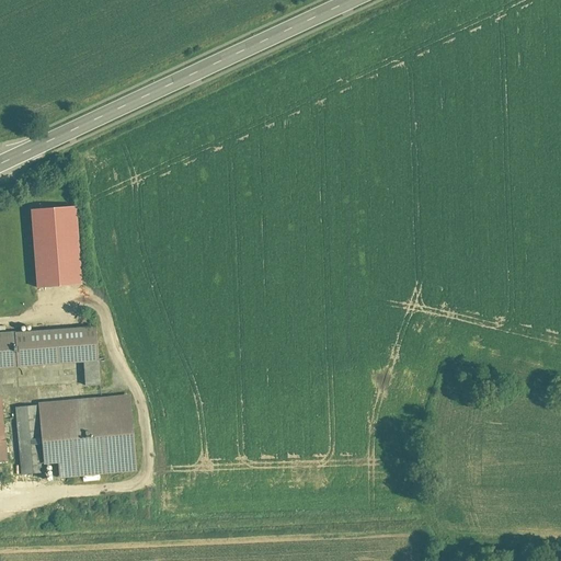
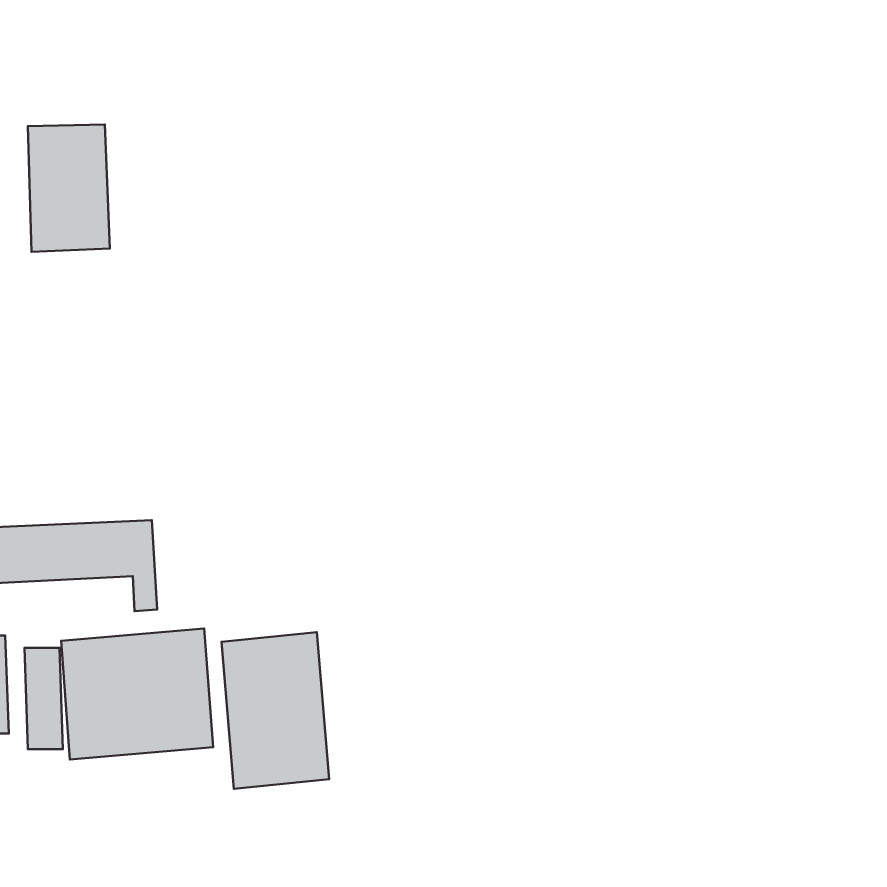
building: [31,207,82,287] -> [28,124,110,252]
building: none -> [221,632,329,789]

